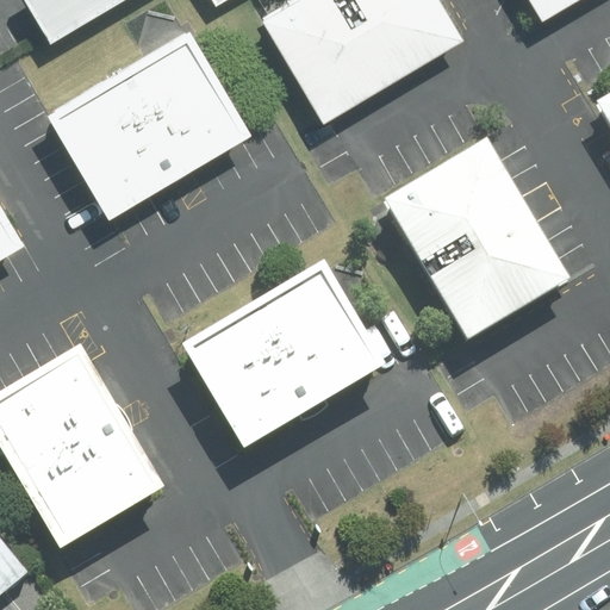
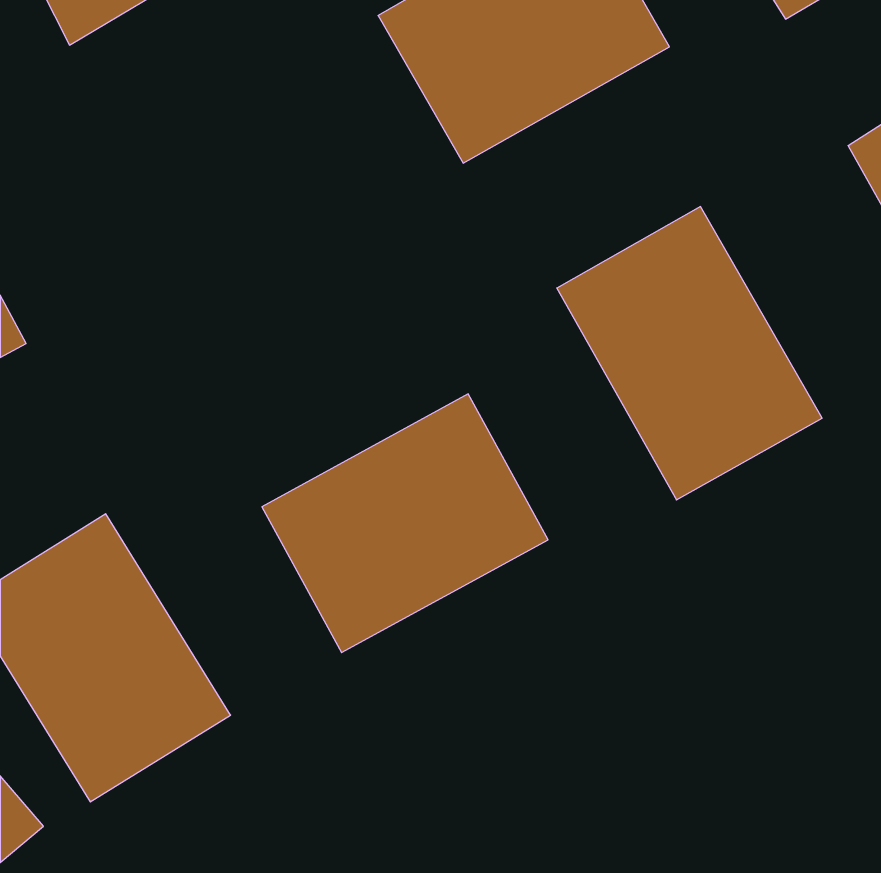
building: [51,27,254,211] -> none

